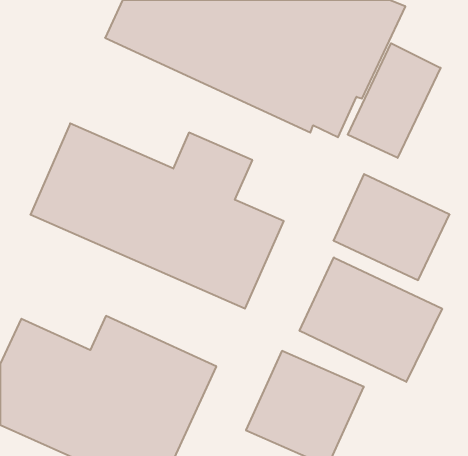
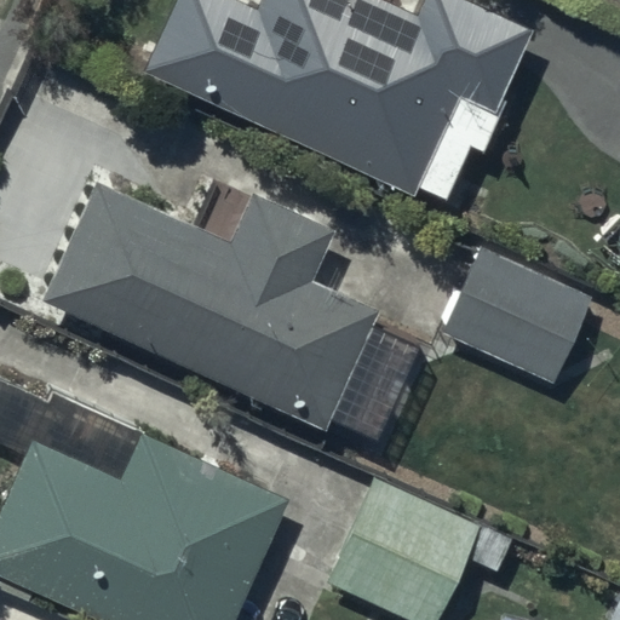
building: [348,43,441,158] -> none
building: [300,257,442,382] -> none

